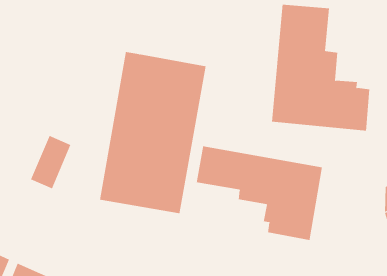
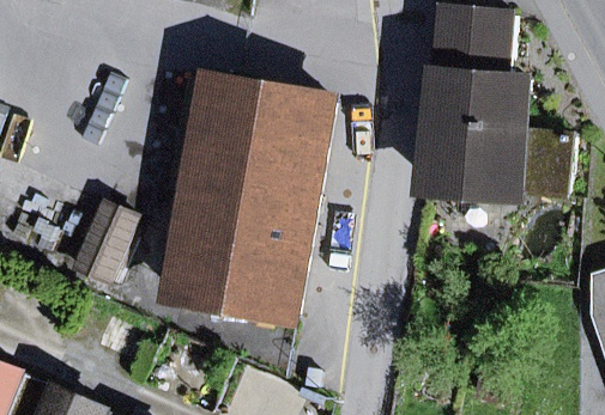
building: [196,146,323,241] -> none

